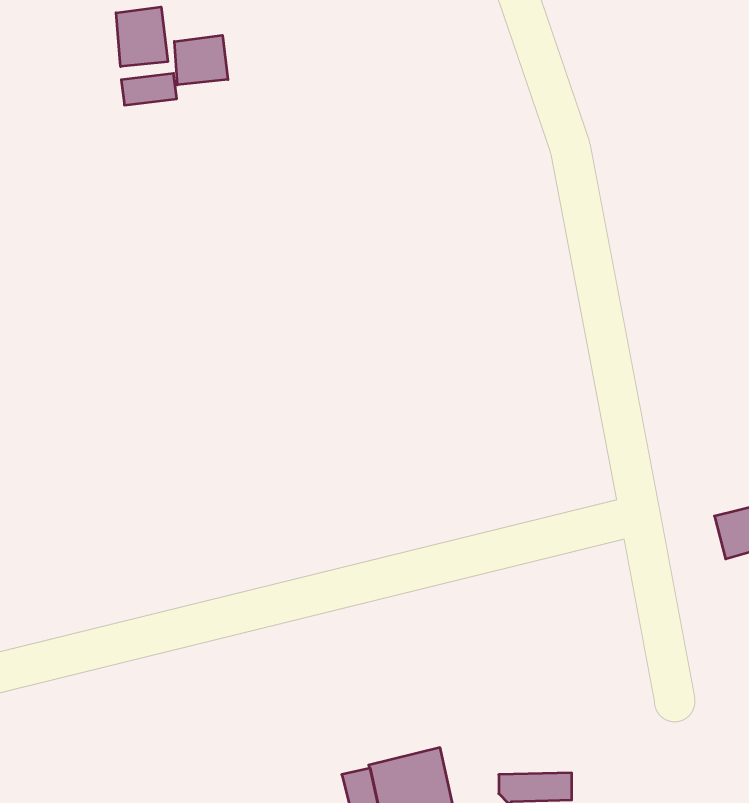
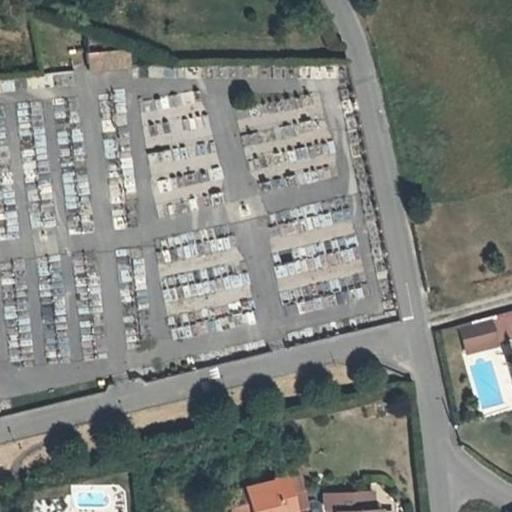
building: [116,7,168,67] -> none
building: [174,35,228,85] -> none

